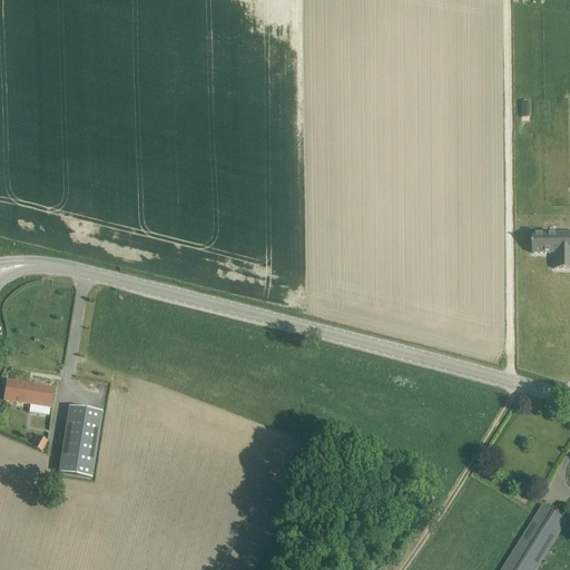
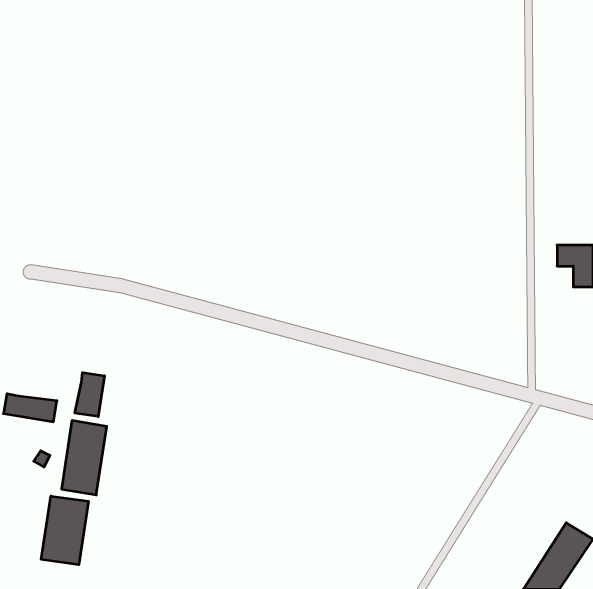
building: none -> [75,373,104,417]
building: none -> [41,496,88,565]

